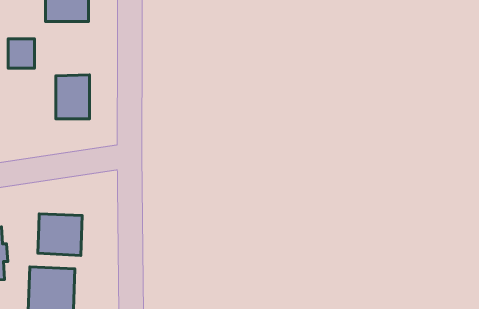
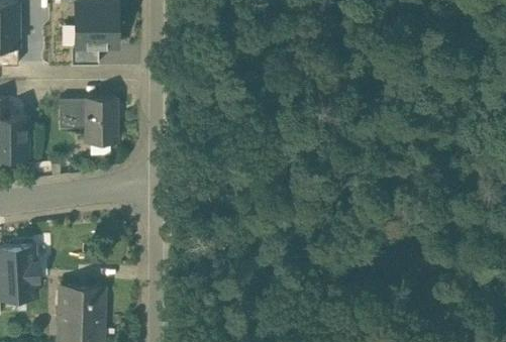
building: [8,39,34,68] -> [60,100,85,128]
building: [38,214,82,255] -> none

